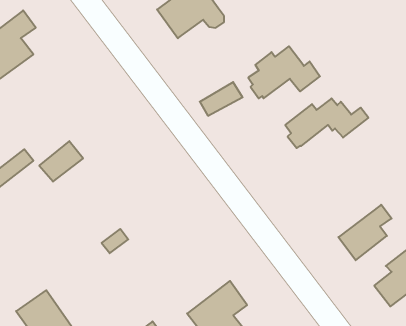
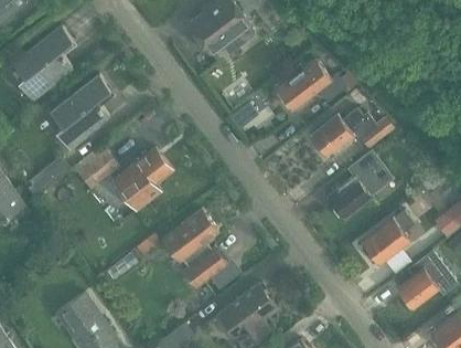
building: none -> [50,75,110,147]
building: none -> [111,149,171,211]
building: none -> [328,150,393,218]
building: none -> [163,210,228,289]

